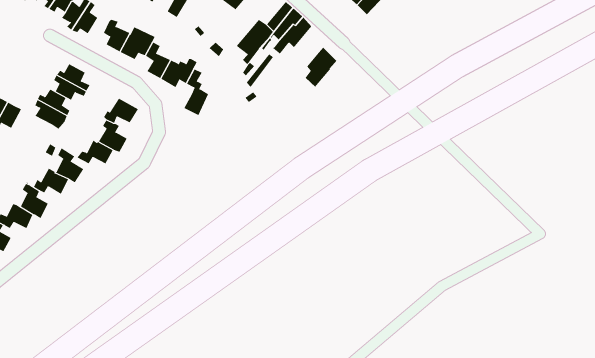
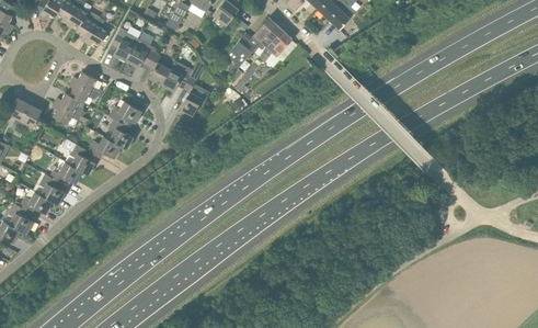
building: [305,47,337,87] -> none

